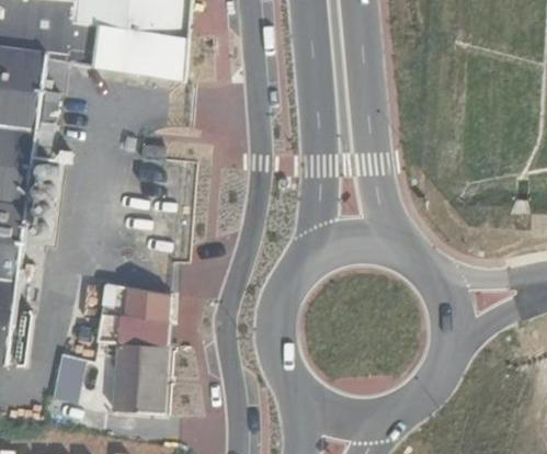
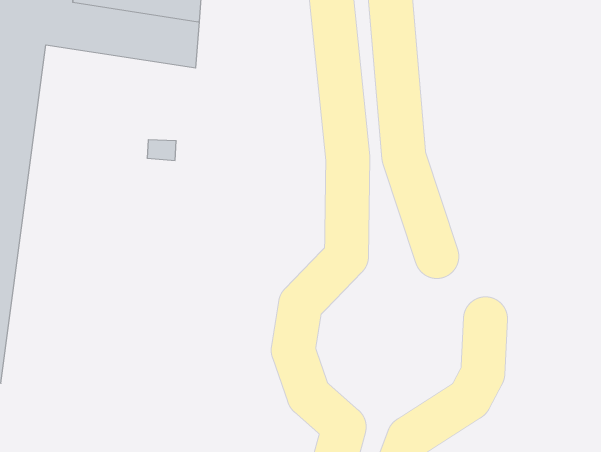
building: [92,281,168,413] -> none
building: [50,356,82,399] -> none

